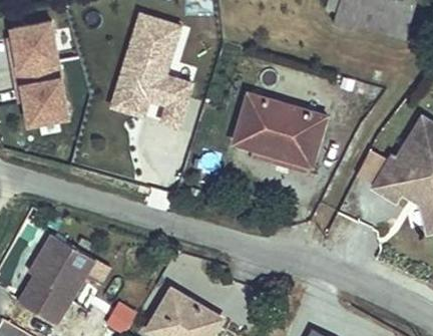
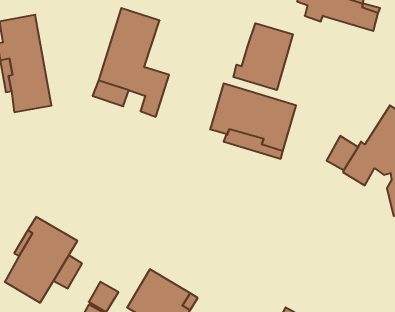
building: none -> [233,23,293,90]

